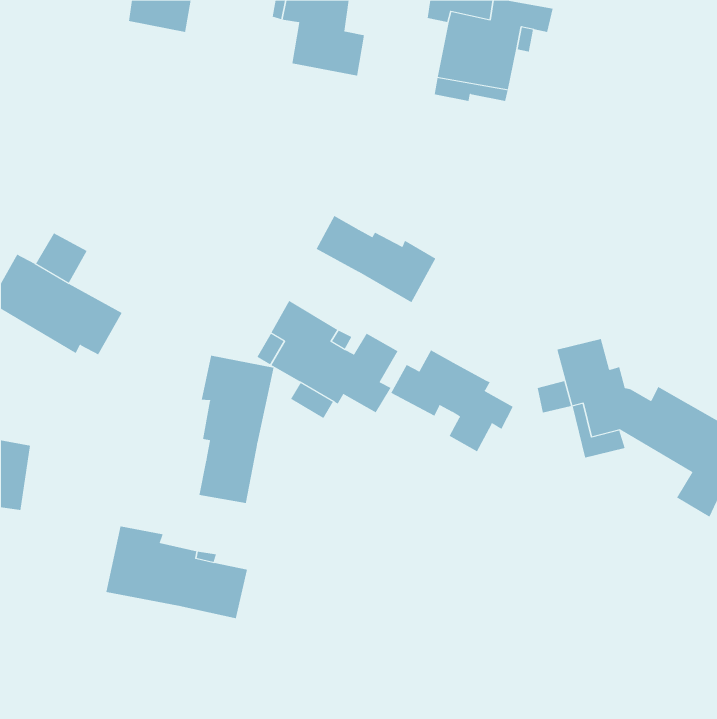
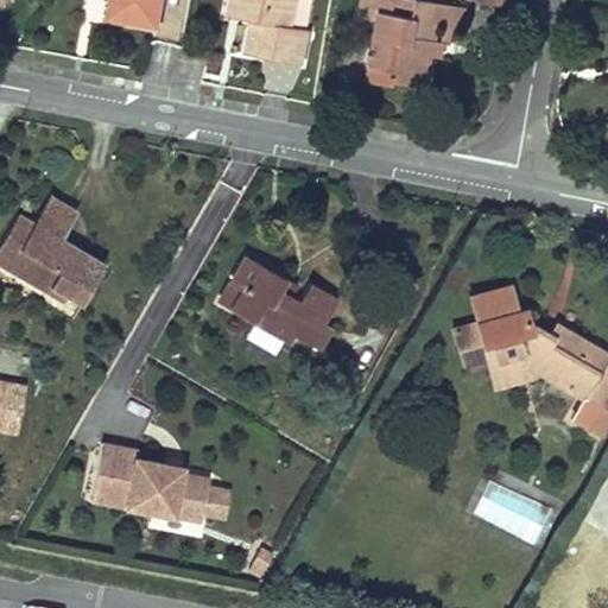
building: [316,215,436,303] -> none
building: [390,349,514,452] -> none
building: [199,355,274,504] -> none

